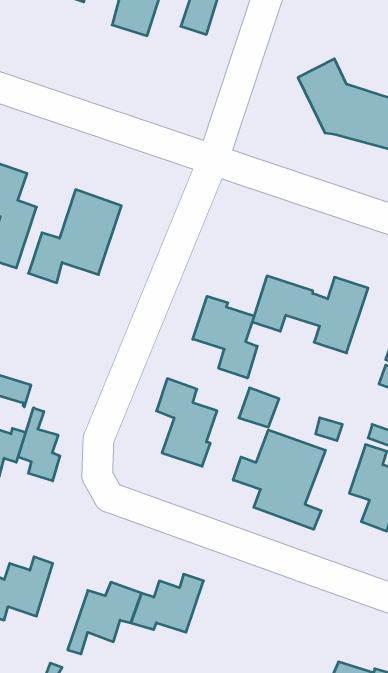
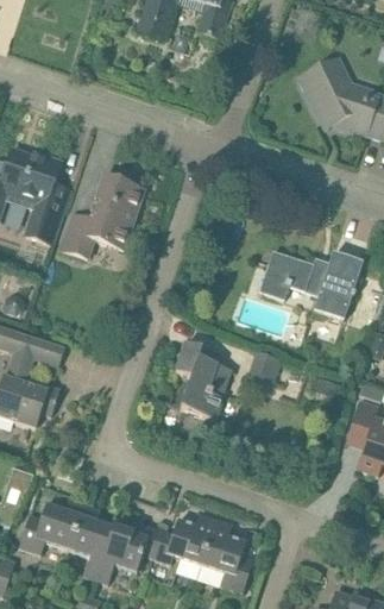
building: [193,296,257,378] -> none
building: [18,408,60,481] -> none
building: [233,430,325,529] -> none
building: none -> [69,504,114,580]
building: none -> [201,520,252,592]

